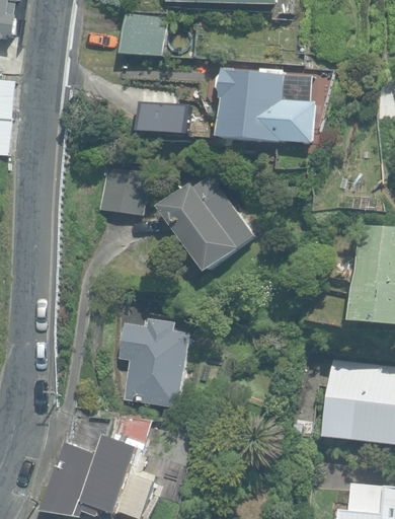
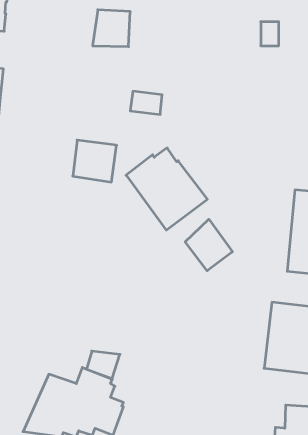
building: [216,68,314,143] -> none
building: none -> [185,219,232,271]
building: [117,319,192,409] -> none

